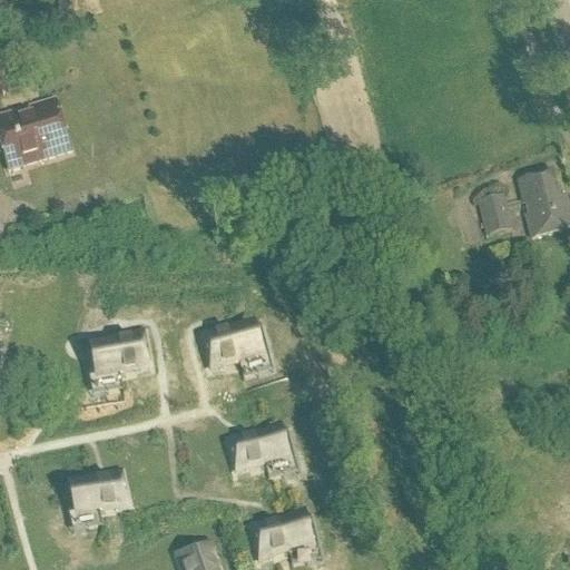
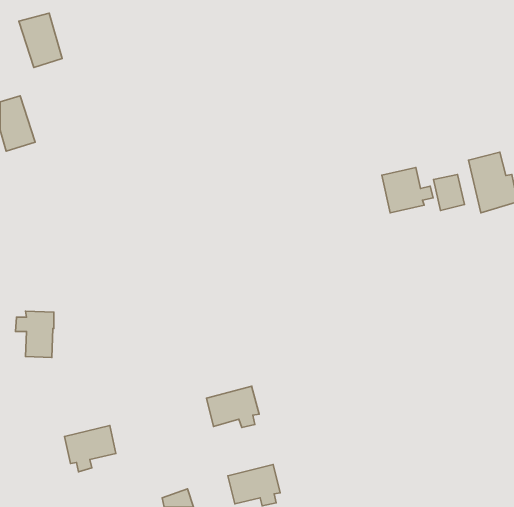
building: [23,97,71,157] -> [19,13,62,68]
building: none -> [382,168,433,213]
building: [205,326,261,371] -> none
building: [92,341,135,392] -> [15,311,54,358]

